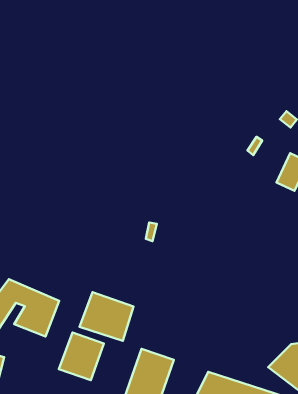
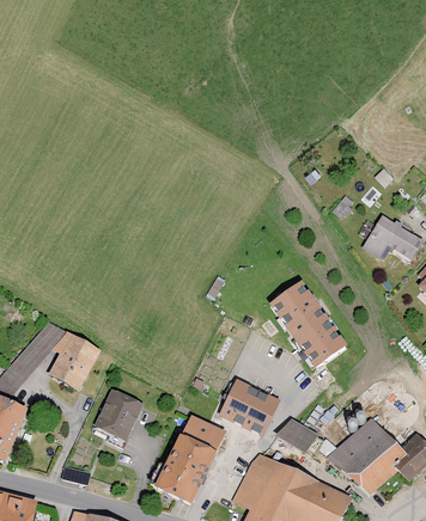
building: none -> [267,284,341,369]
building: [80,292,134,341] -> [214,379,278,437]
building: none -> [272,421,316,455]

